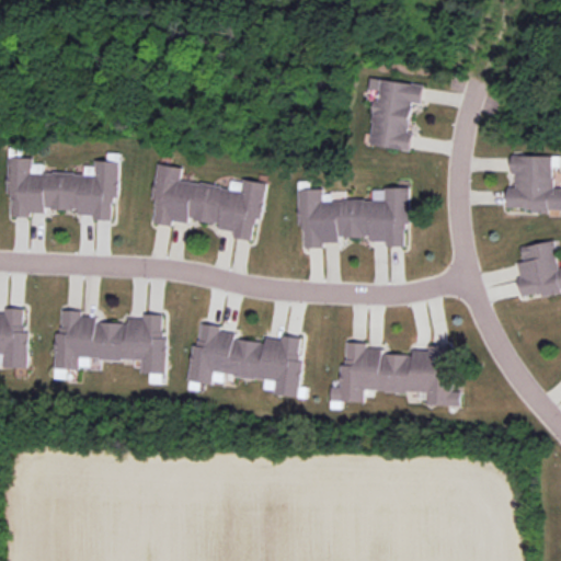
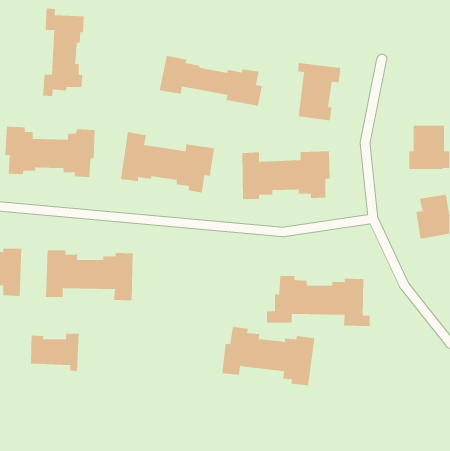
building: none -> [43,8,84,97]
building: none -> [159,55,262,107]
building: [187,323,304,397] -> [221,327,315,386]
building: none -> [31,333,79,372]

